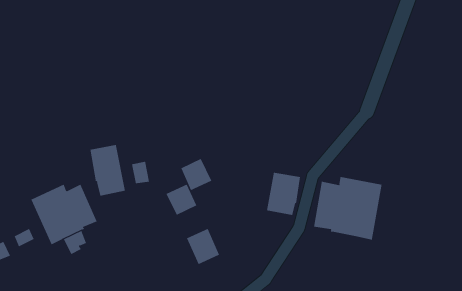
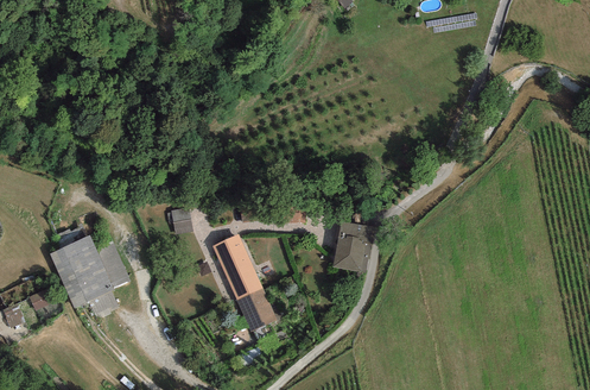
building: [90,144,125,196] -> none
building: [181,158,212,191] -> [224,260,262,300]
building: [314,176,382,240] -> none

